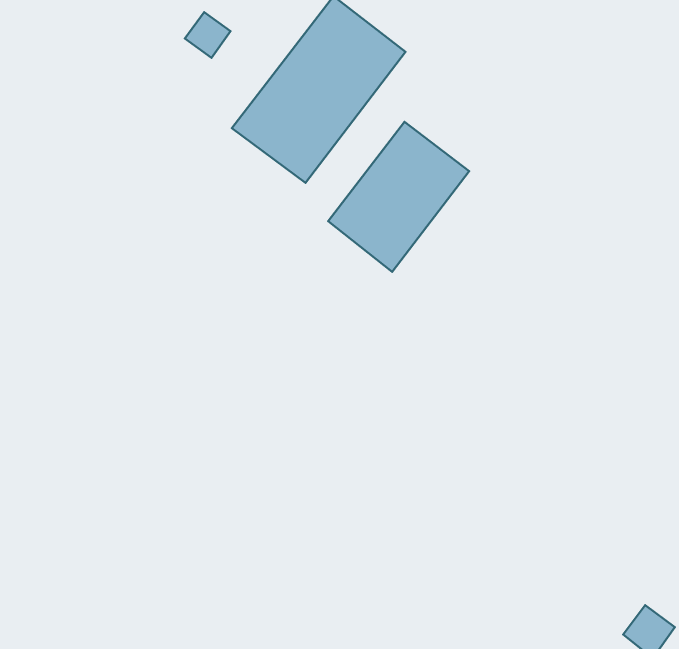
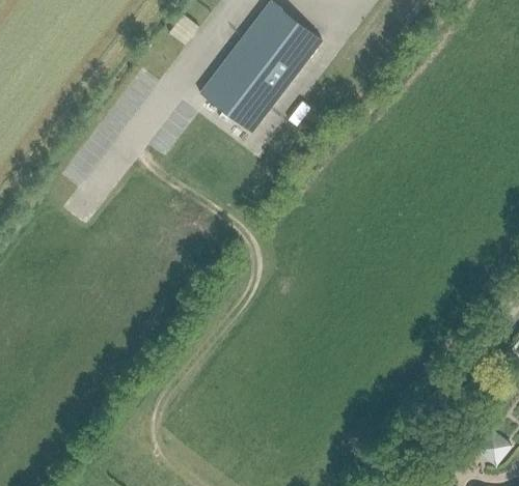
building: [328,122,469,272] -> none

